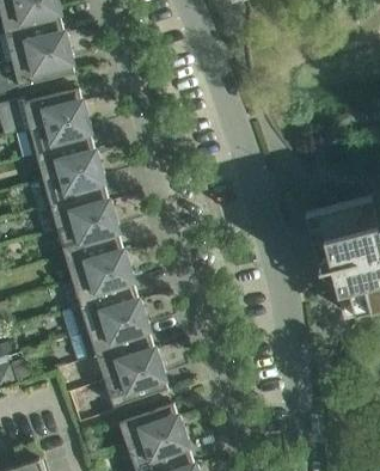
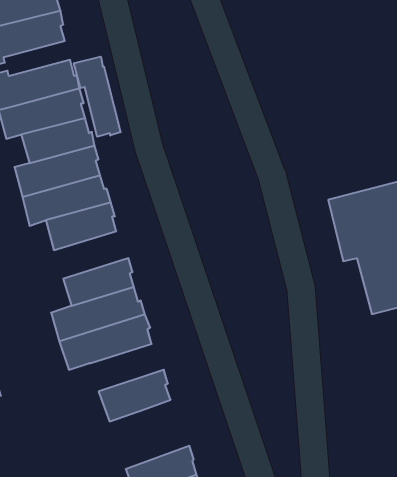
building: none -> [74,57,121,137]
building: [65,240,130,282] -> none
building: [97,340,161,381] -> none
building: [119,405,184,449] -> none

